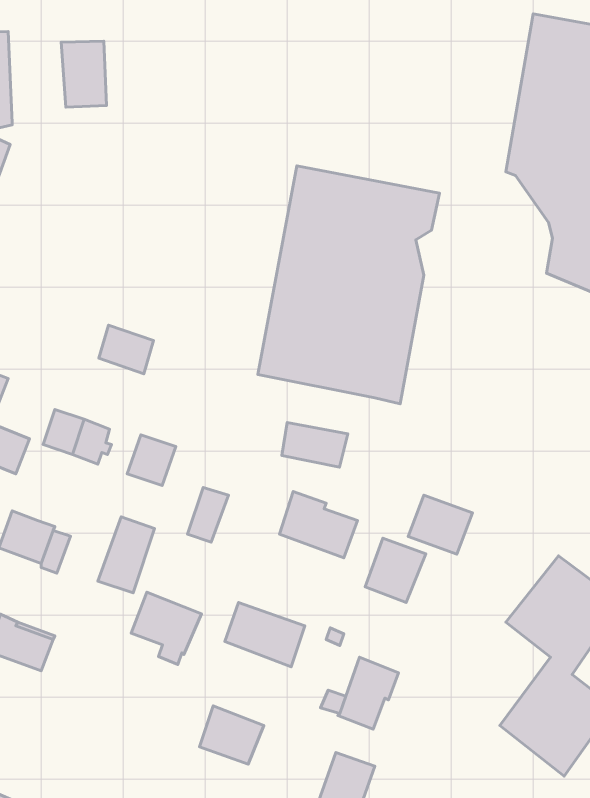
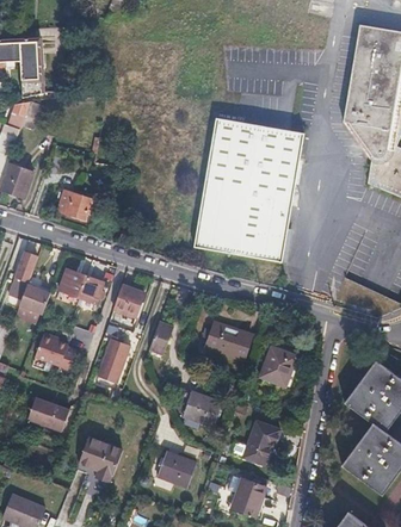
building: [61,41,107,107] -> none
building: [99,325,153,374] -> [57,190,91,219]
building: [282,422,348,467] -> none
building: [408,495,473,554] -> none
building: [131,592,201,664] -> [78,438,121,482]

